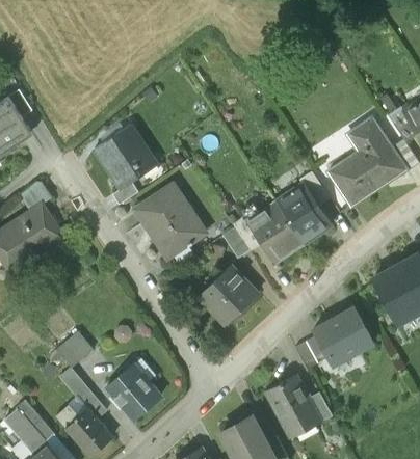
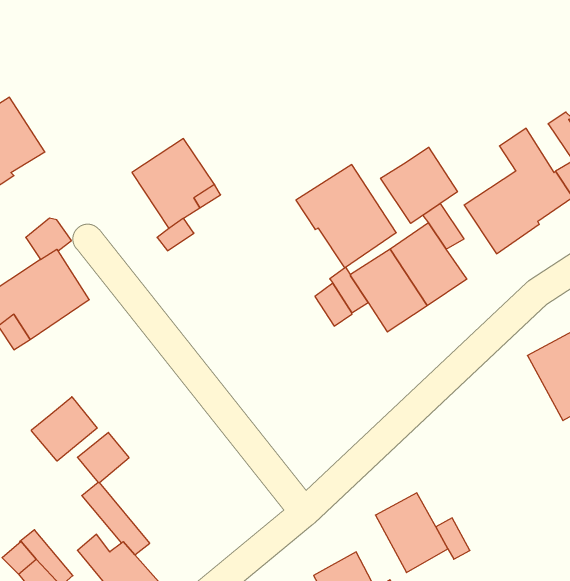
building: none -> [381,147,457,223]
building: [134,185,205,258] -> [296,165,396,268]
building: [198,266,258,325] -> none
building: none -> [31,397,97,461]
building: [313,307,373,366] -> none
building: [106,367,161,420] -> none

